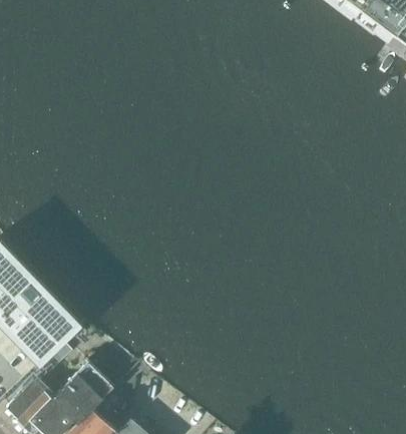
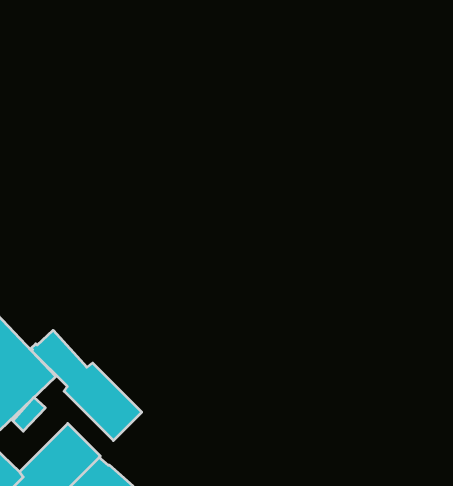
building: none -> [31,330,142,441]

